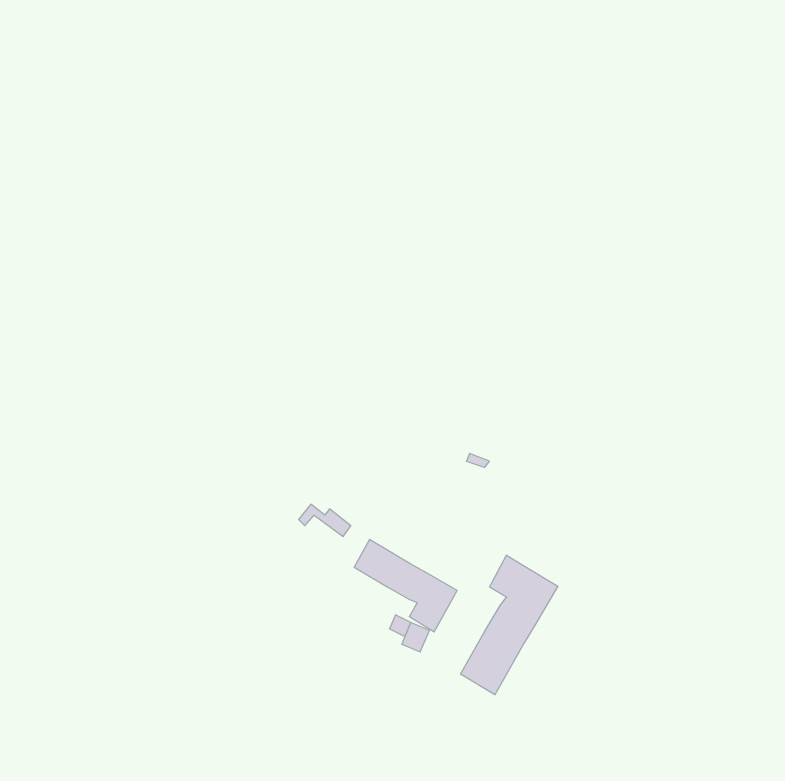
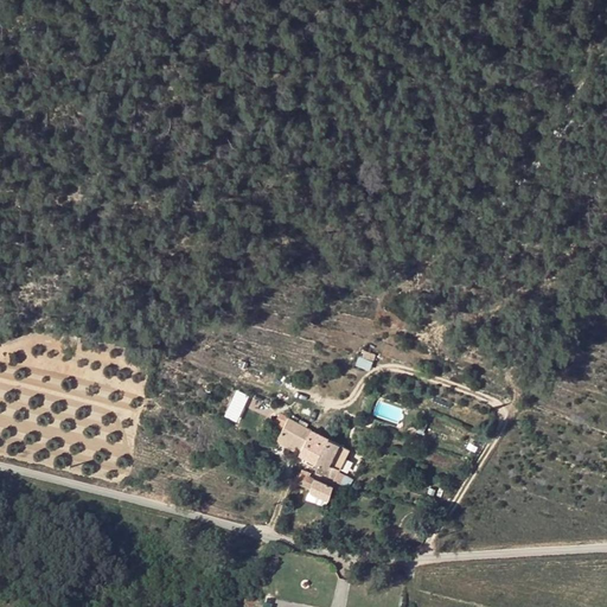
building: [461,555,558,695] -> none

